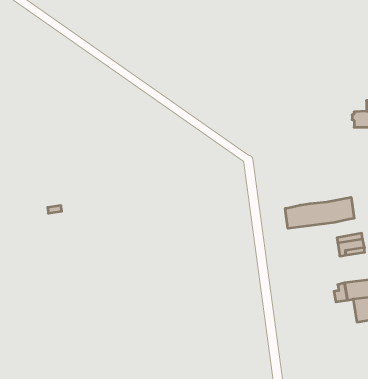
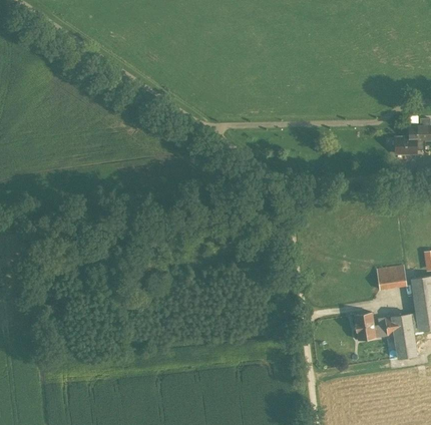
building: [285,197,354,228] -> none
building: none -> [354,313,376,341]

